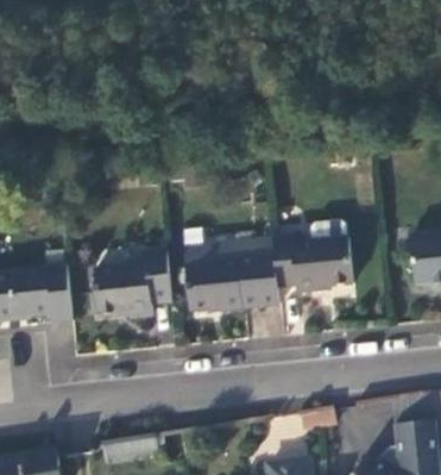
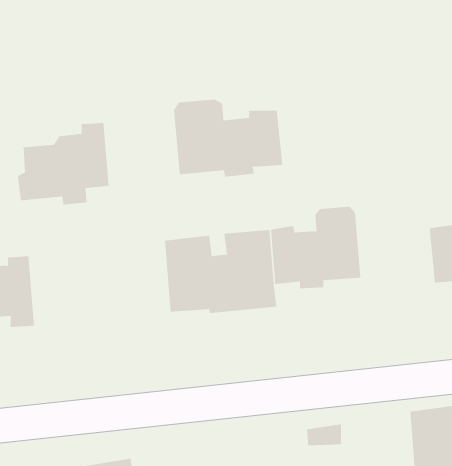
building: none -> [174,99,283,178]
building: [89,246,169,318] -> [17,122,110,205]

